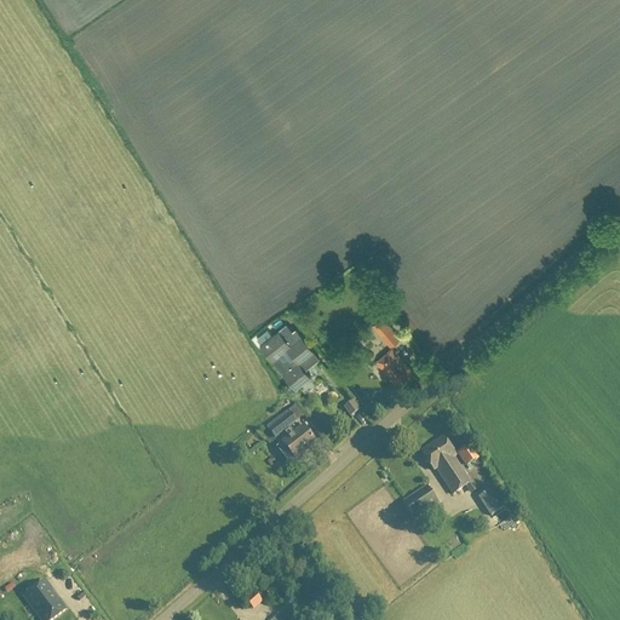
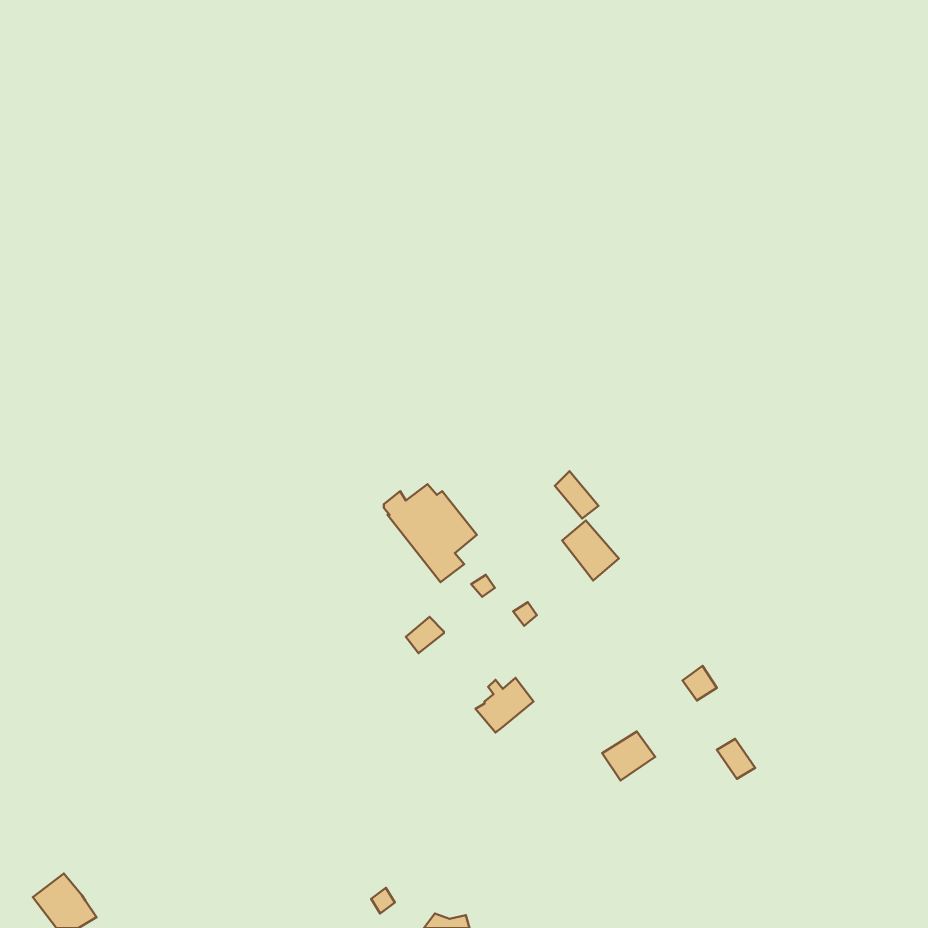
building: [275,427,314,464] -> [475,678,534,732]
building: [419,437,467,494] -> none

